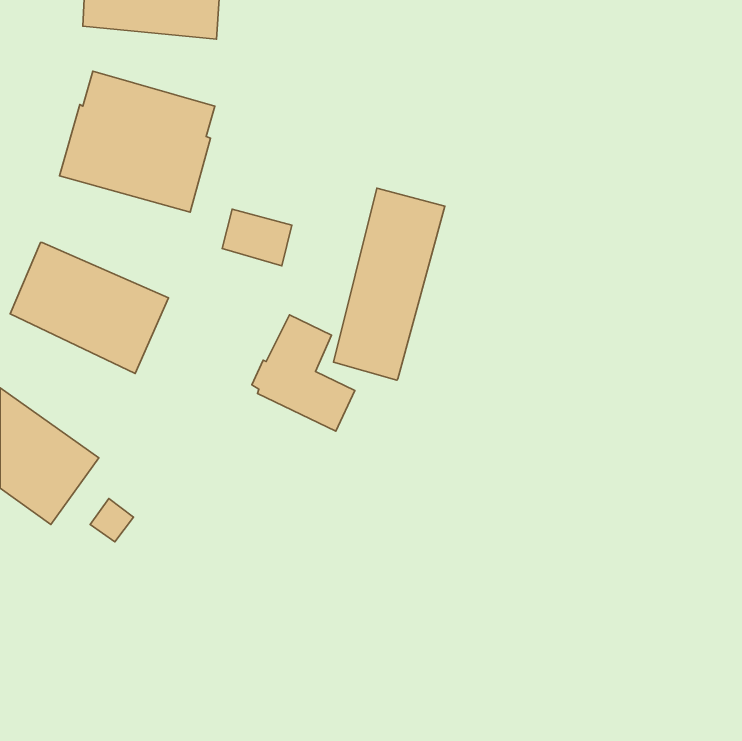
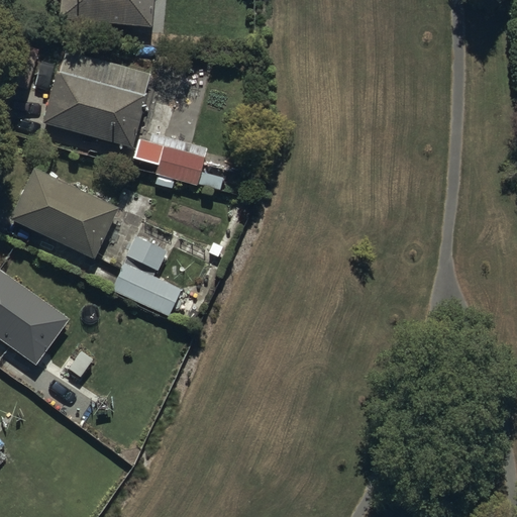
building: [334,188,445,380] -> none
building: [252,315,355,431] -> [109,236,181,317]

